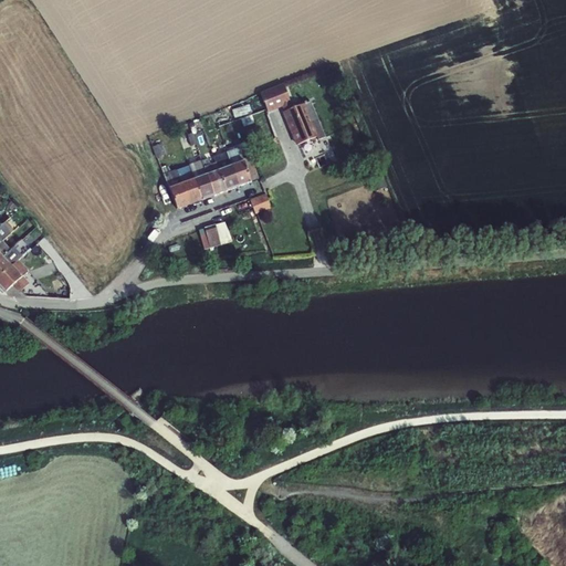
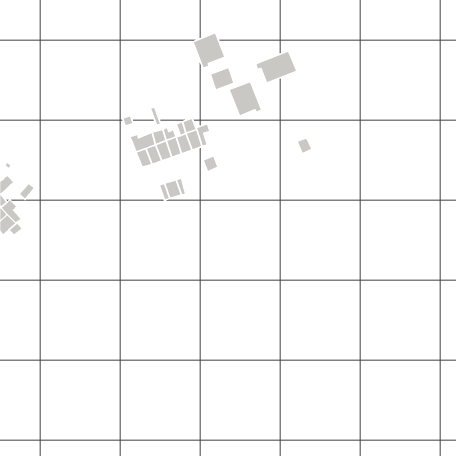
building: none -> [193,33,225,68]
building: none -> [256,51,297,83]

